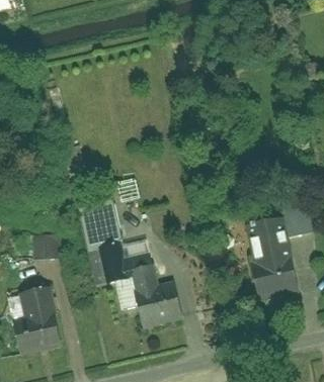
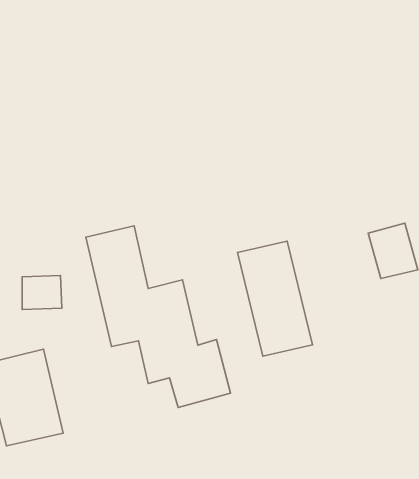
building: [244,215,298,297] -> [237,241,313,356]

